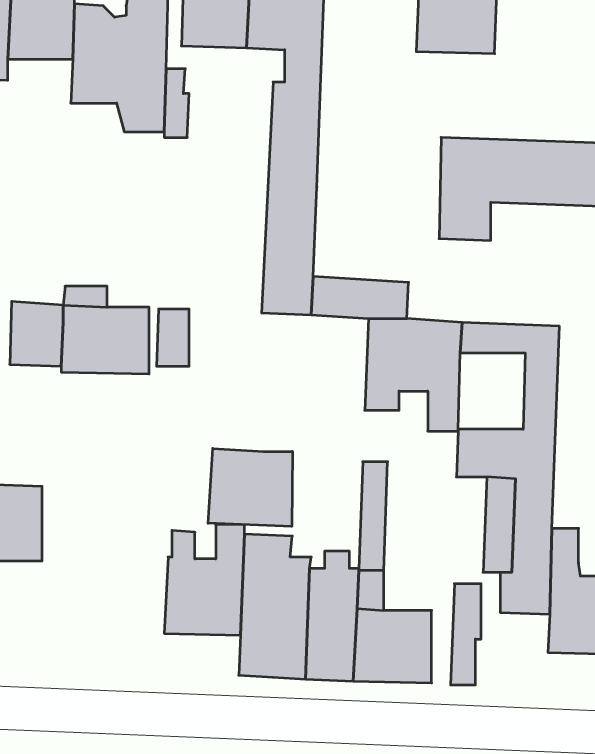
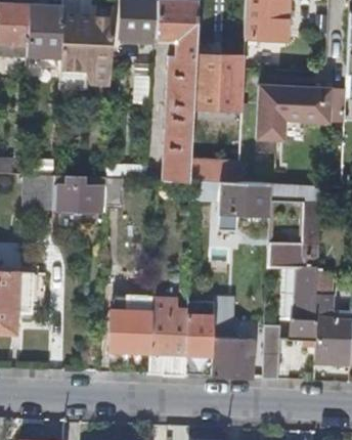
building: none -> [192,53,245,112]
building: [208,448,292,526] -> none

